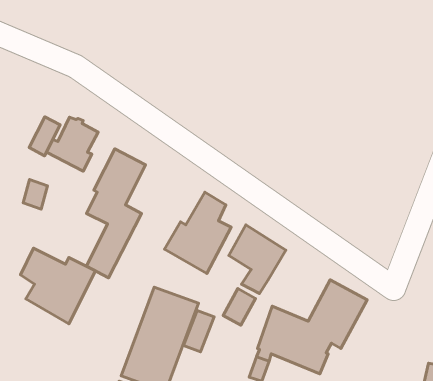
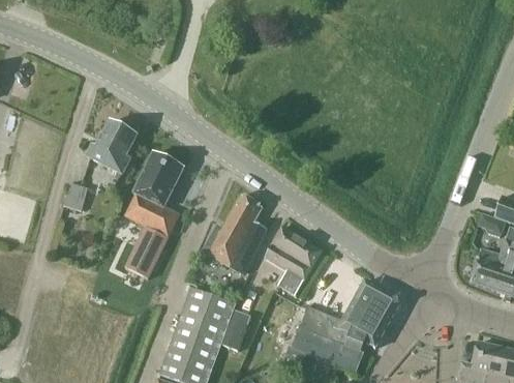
building: [29,117,60,156] -> none
building: [20,248,96,324] -> none
building: [223,288,255,325] -> none

